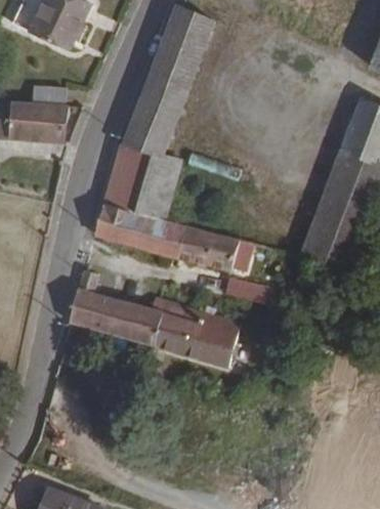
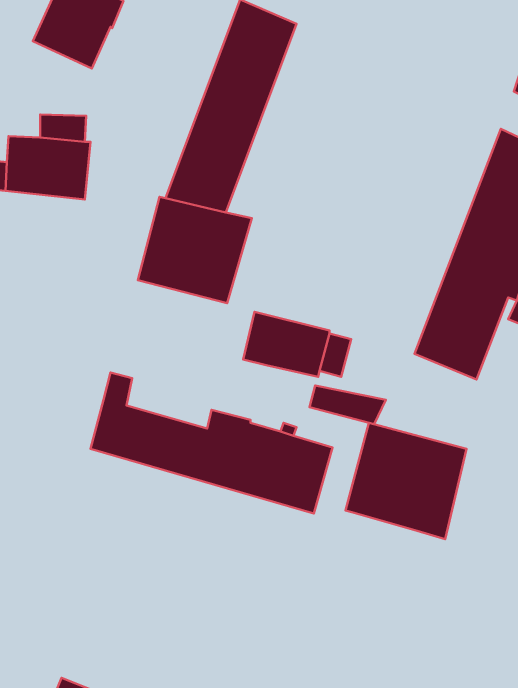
building: [93,203,185,259] -> none
building: none -> [346,423,466,539]

